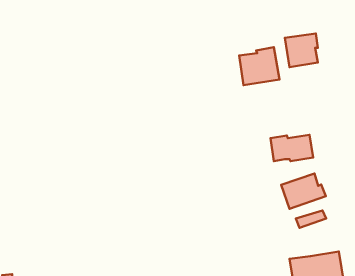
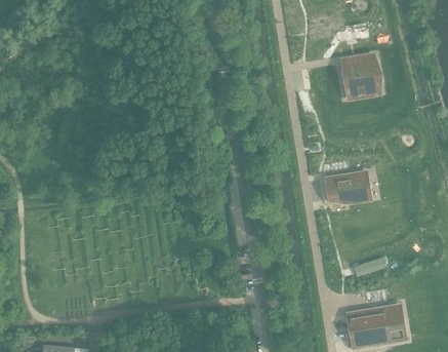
building: [239,47,279,85] -> none
building: [281,173,326,209] -> none

